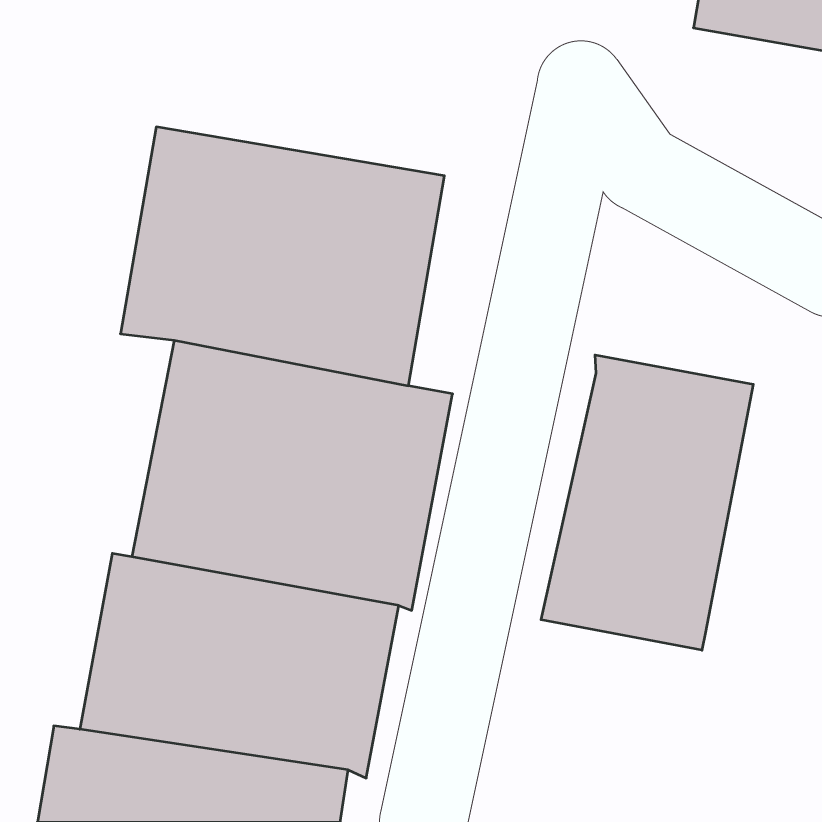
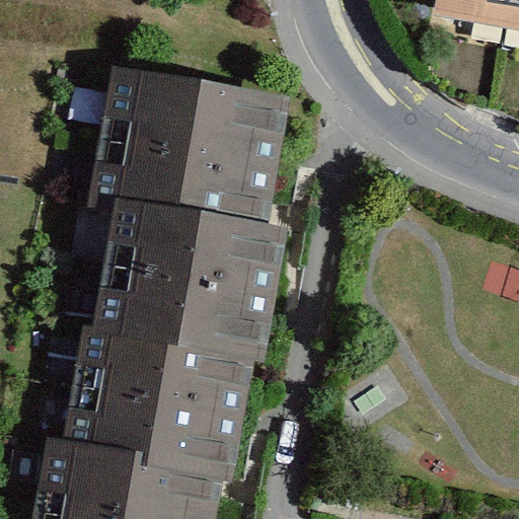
building: [541,355,753,650] -> none

